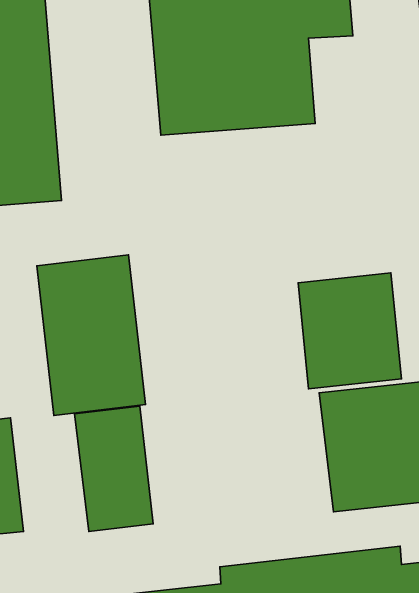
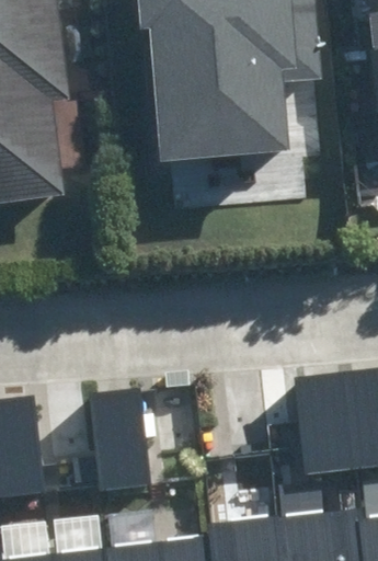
building: [37,255,145,416] -> none
building: [298,273,401,389] -> none

